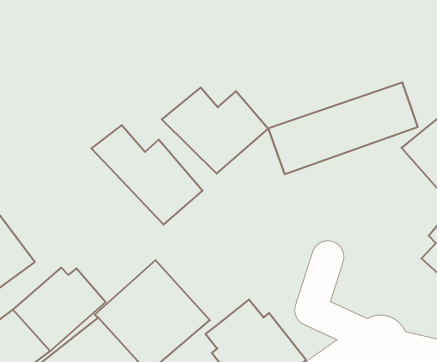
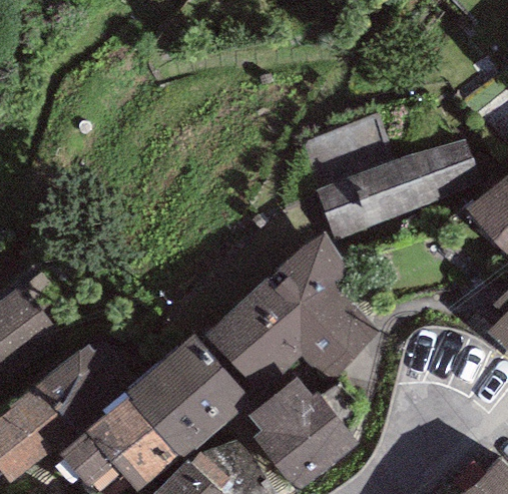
building: [162,88,268,174] -> none
building: [91,125,203,225] -> none
building: none -> [205,232,378,401]

